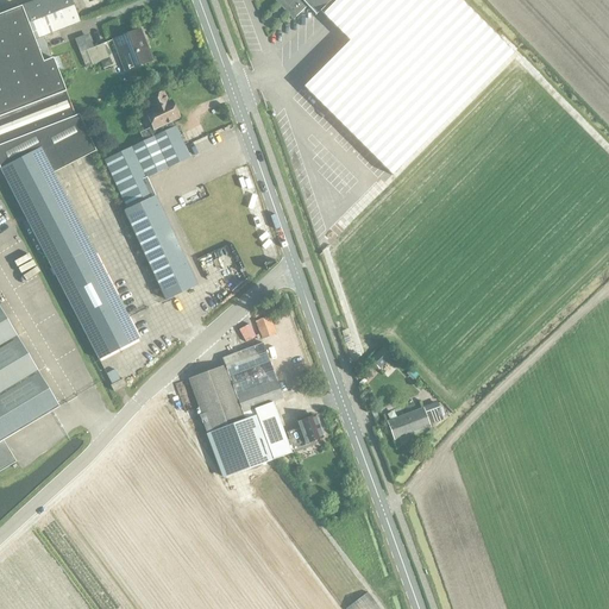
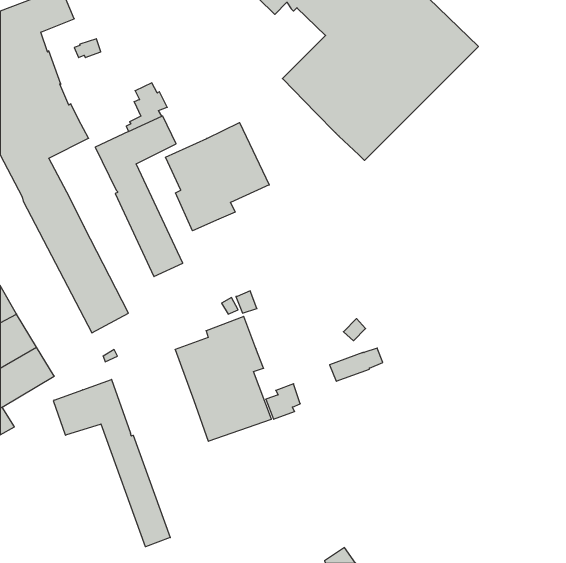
building: [112,26,152,69] -> none
building: none -> [165,123,269,231]
building: [387,401,444,437] -> [330,348,383,381]
building: none -> [53,379,170,547]

